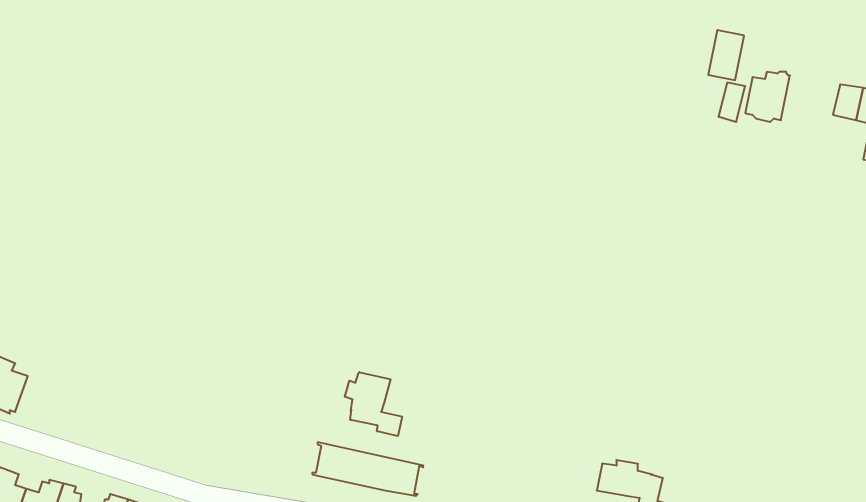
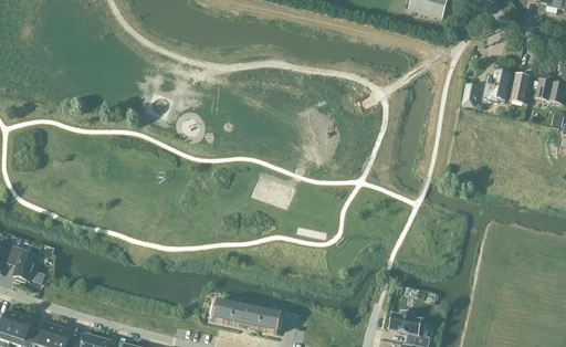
building: [708,30,744,80] -> [509,73,531,104]
building: [345,372,402,436] -> none

